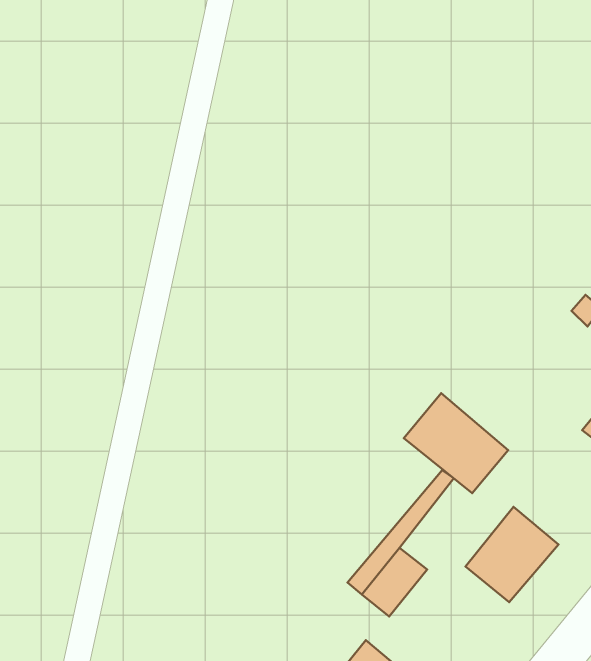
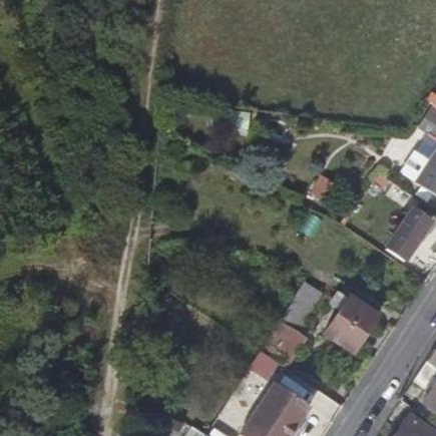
building: [404,393,508,493] -> none

